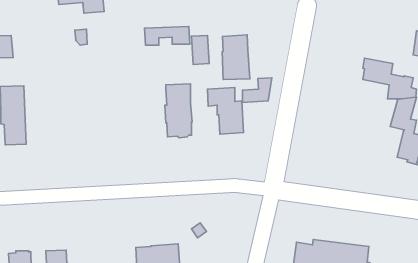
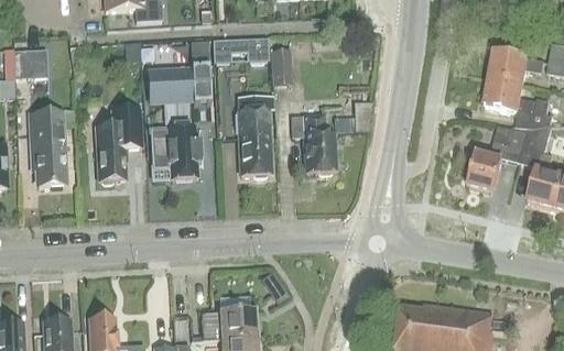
building: none -> [149,40,209,101]
building: [222,35,250,80] -> none
building: none -> [487,51,544,84]
building: none -> [97,107,144,182]
building: none -> [150,124,202,178]
building: none -> [467,124,528,191]

